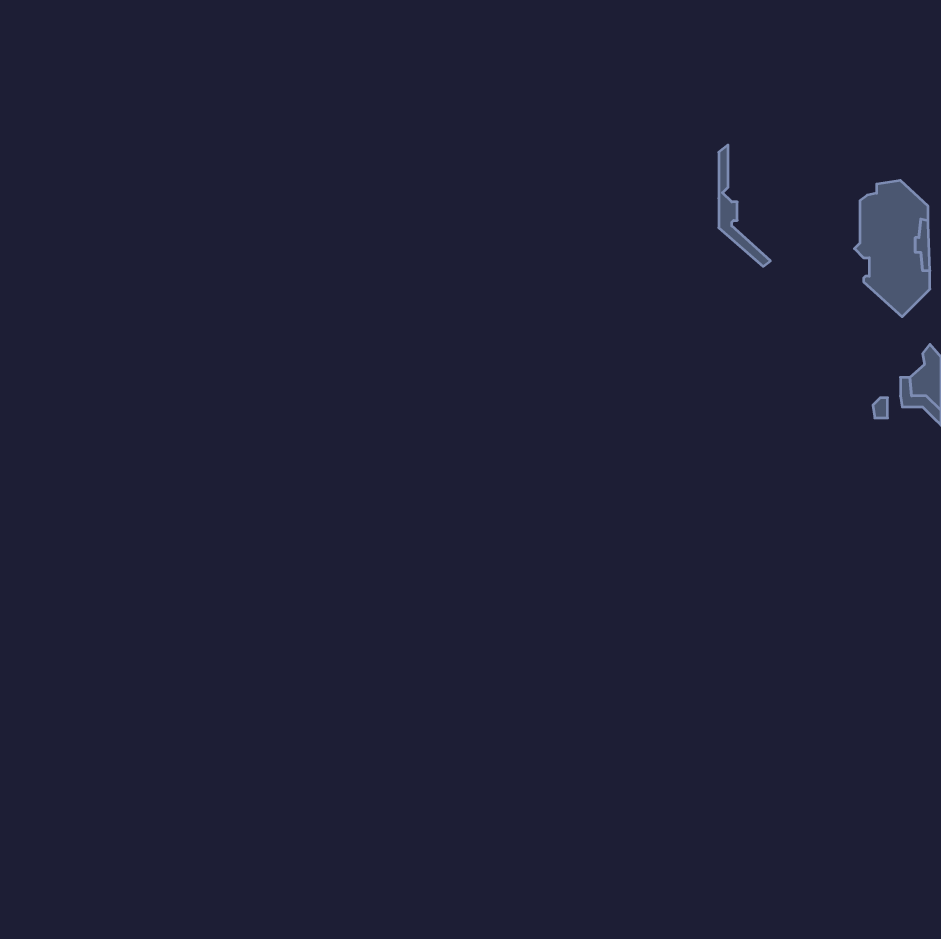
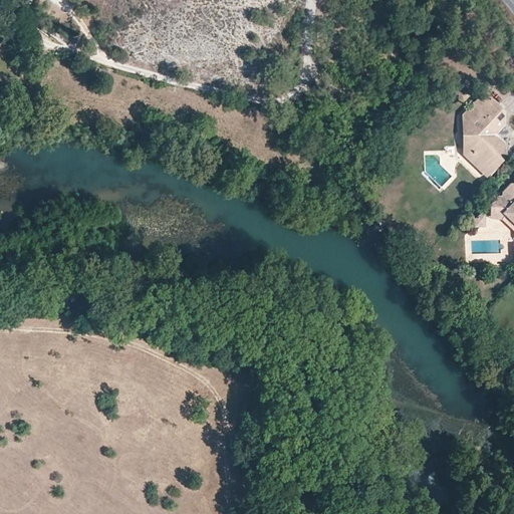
building: [719,145,770,266] -> [464,109,492,176]

